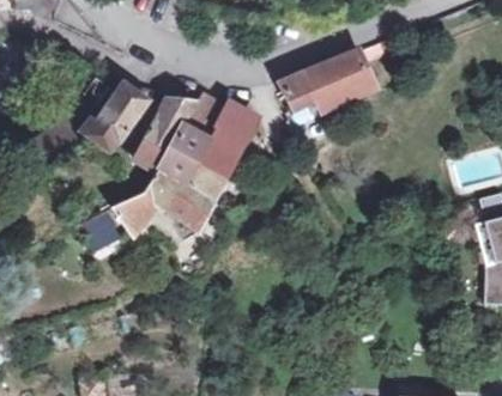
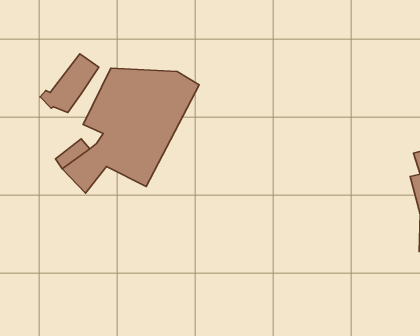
building: [279,54,367,110] -> none

